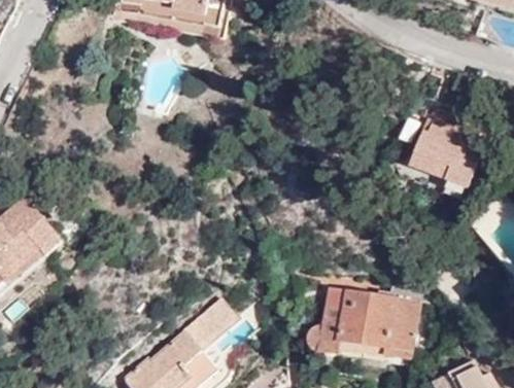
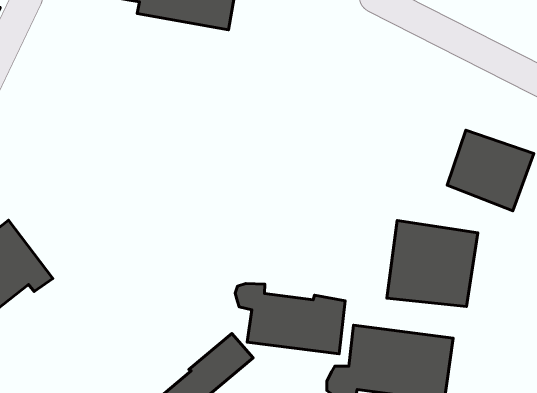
building: none -> [387,220,478,307]
building: none -> [235,283,345,354]

